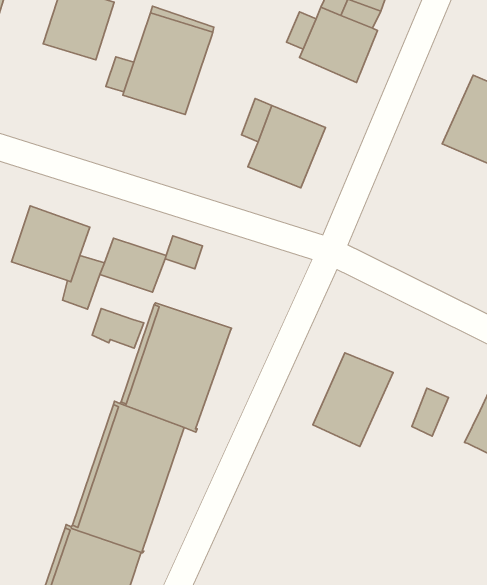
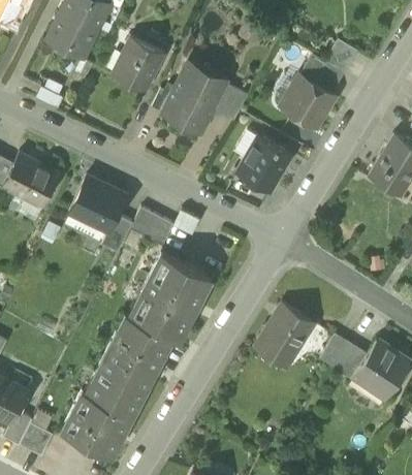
building: none -> [214,84,248,118]
building: [92,308,144,348] -> none
building: none -> [332,344,367,381]

